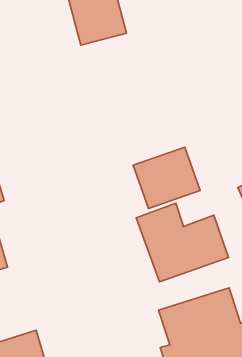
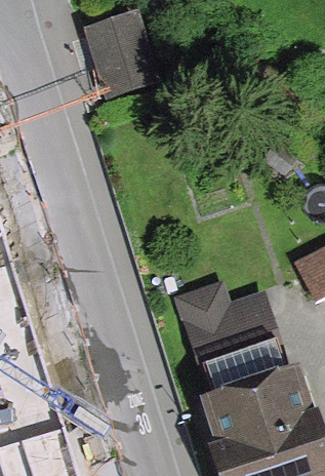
building: [133,147,200,209] -> none

